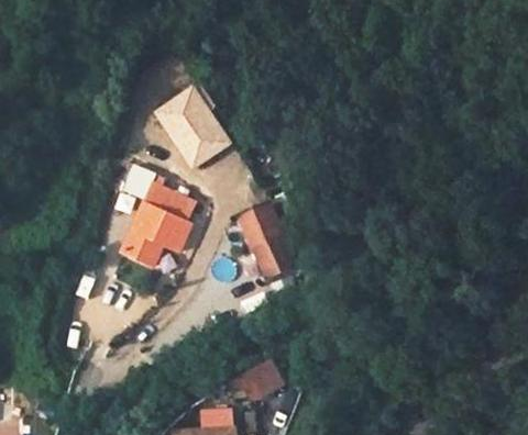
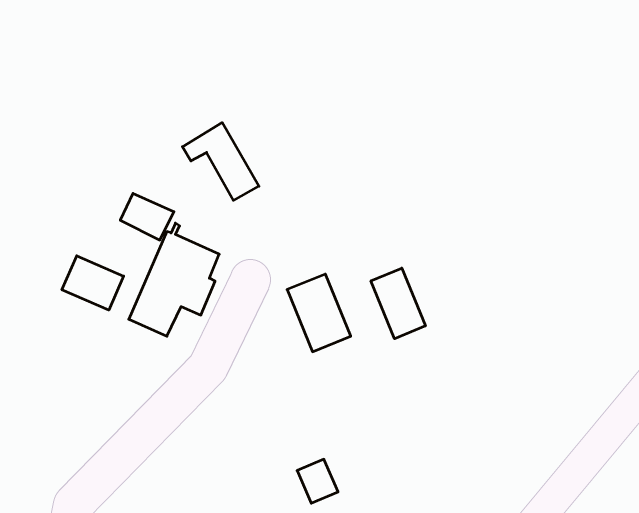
building: none -> [62,256,124,310]
building: none -> [371,268,425,339]

